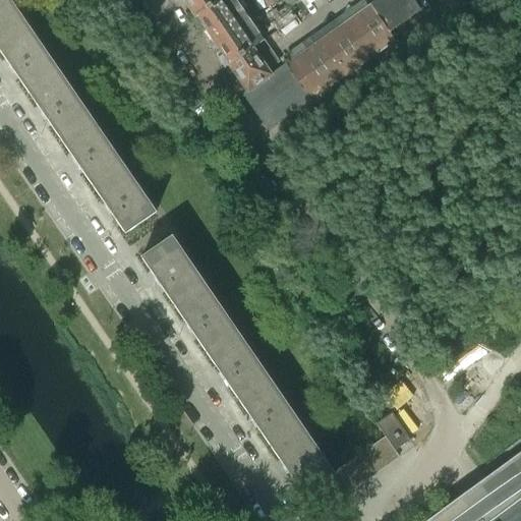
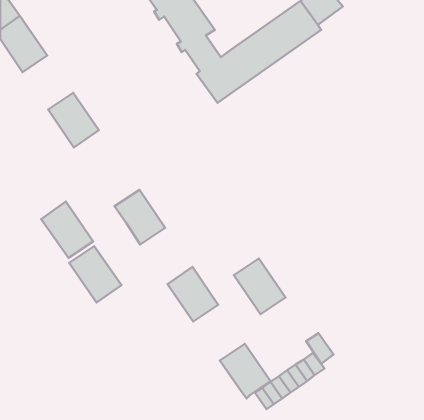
building: [27,68,90,134] -> none
building: [91,160,155,229] -> [41,202,93,258]
building: [172,280,236,349] -> [69,246,121,302]
building: [237,374,300,443] -> [234,259,285,314]

